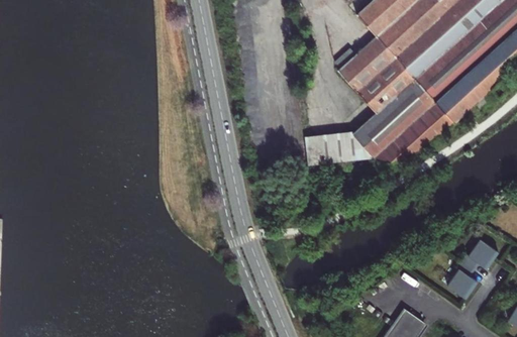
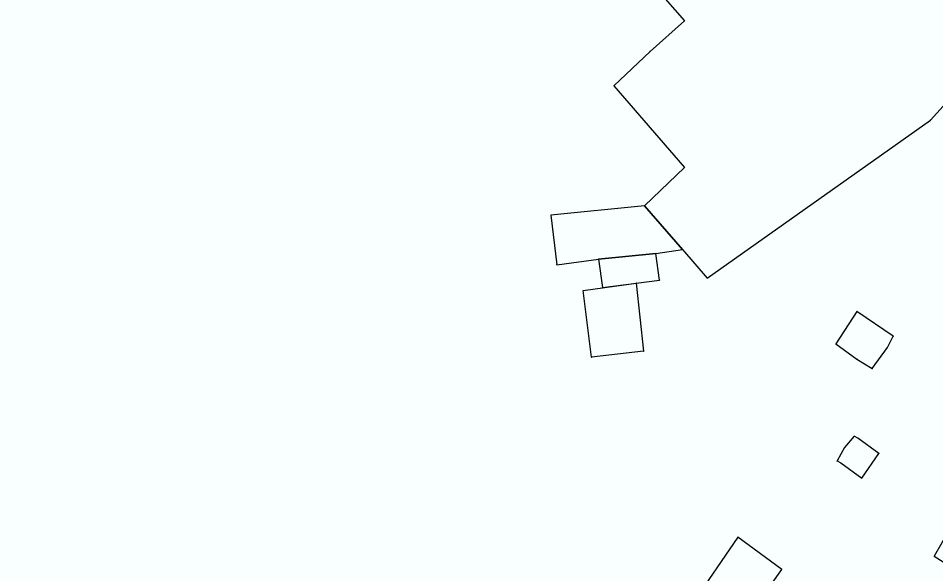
building: none -> [583,283,644,357]
building: [468,239,498,269] -> [836,311,893,369]
building: [447,269,477,298] -> none

